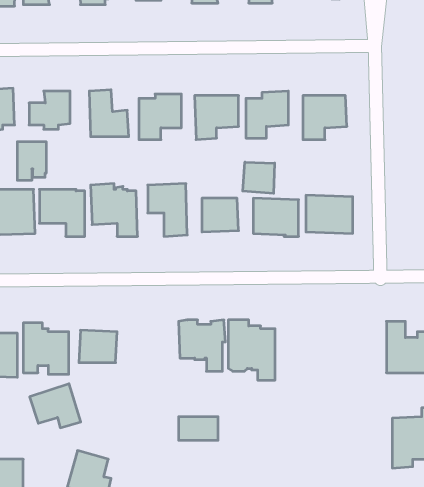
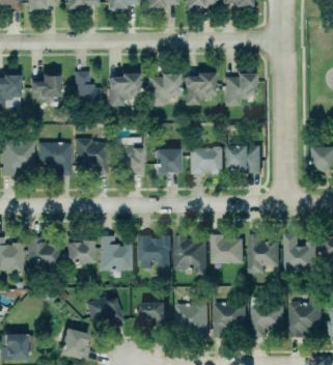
building: [17,142,46,180] -> none
building: [243,162,275,193] -> none
building: none -> [101,234,134,270]
building: none -> [211,235,244,264]
building: none -> [248,235,279,274]
building: [30,384,81,428] -> [87,294,123,326]
building: none -> [251,299,284,338]
building: none -> [175,304,209,335]
building: none -> [214,304,247,339]

